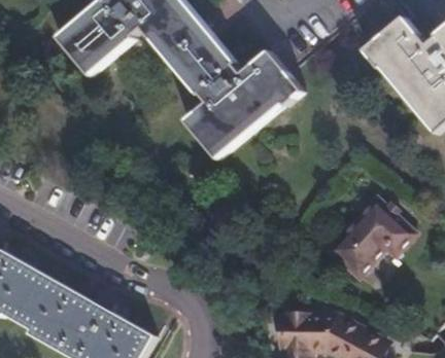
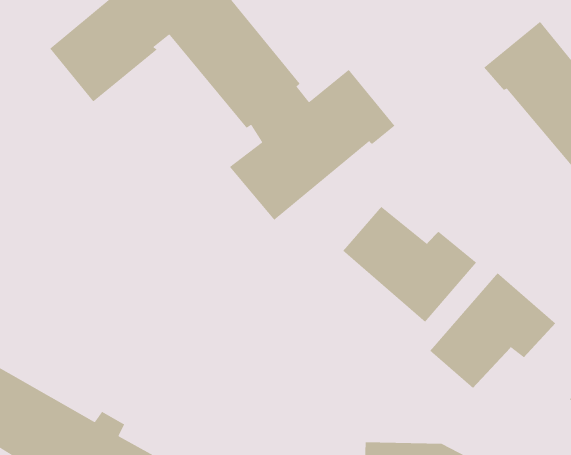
building: none -> [342,206,477,323]

